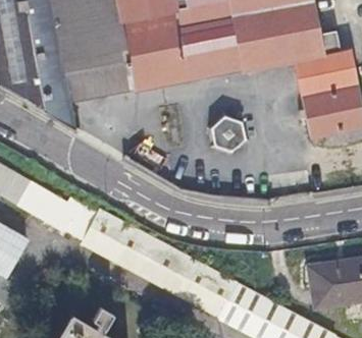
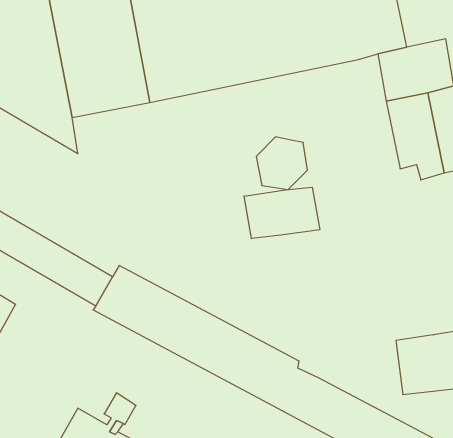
building: none -> [244,187,320,239]

